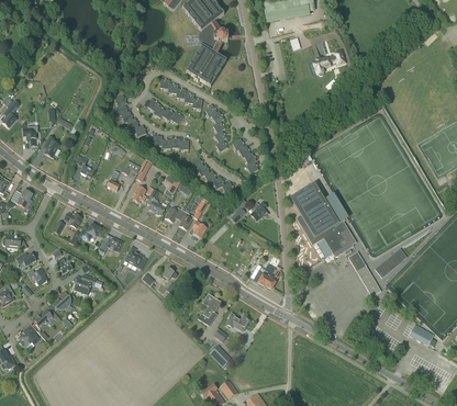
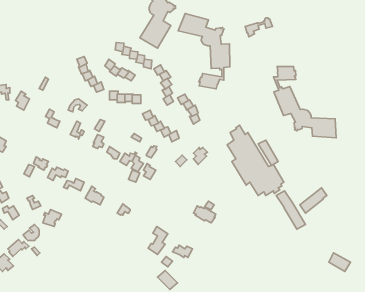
building: none -> [178,14,230,89]
building: none -> [274,66,336,138]

